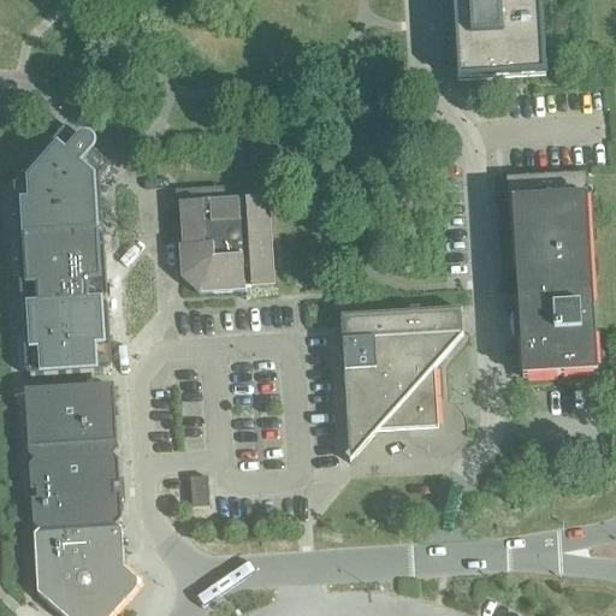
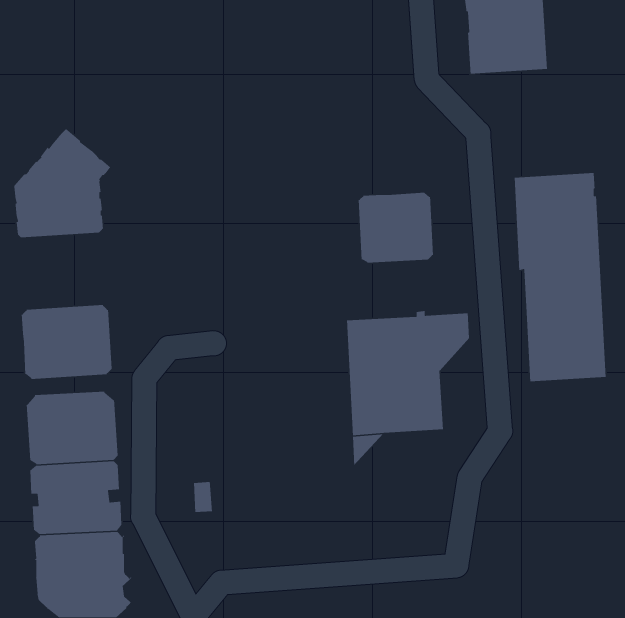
building: [179,168,273,288] -> none
building: none -> [358,192,434,264]
building: [17,230,107,304] -> none

